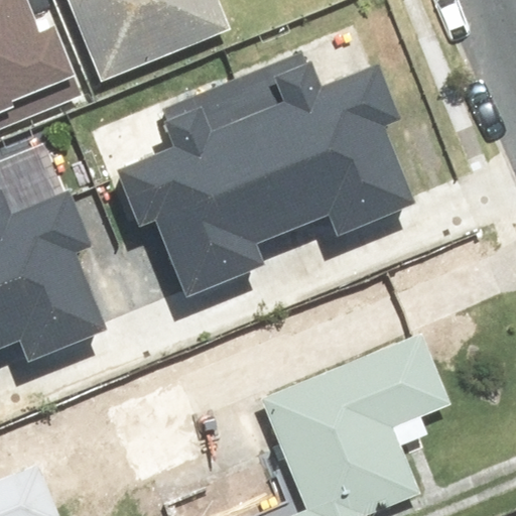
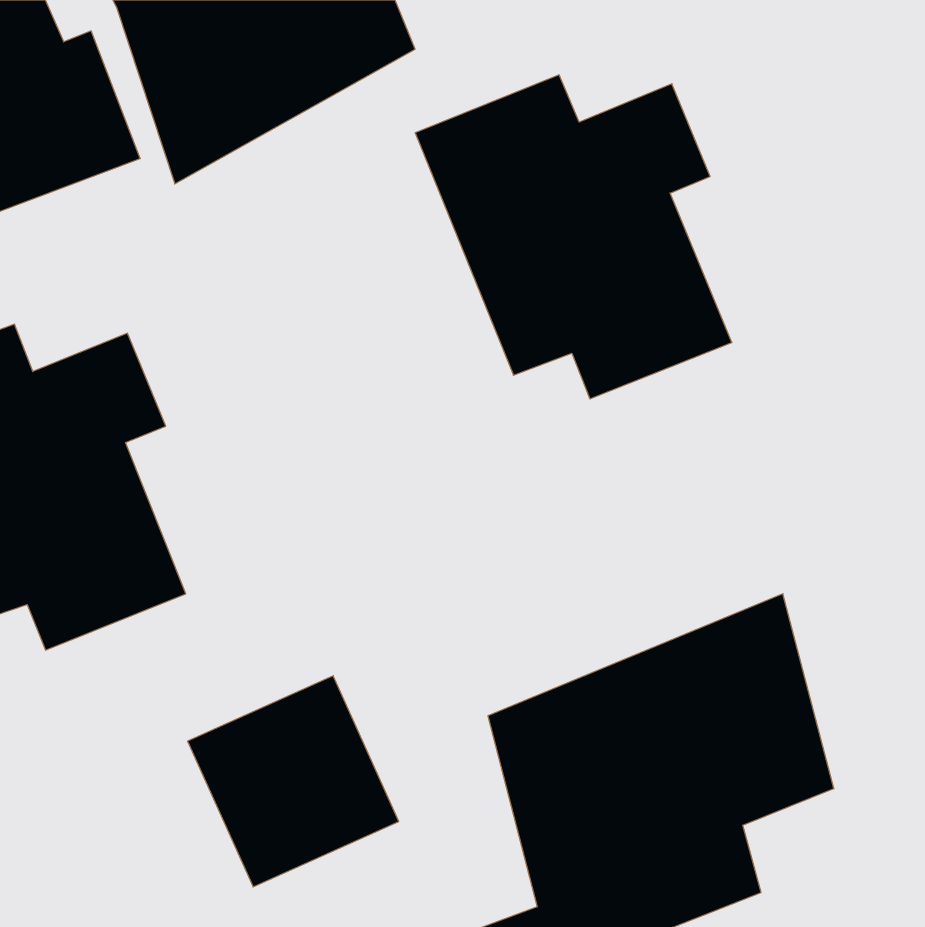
building: [108,76,284,280] -> none

